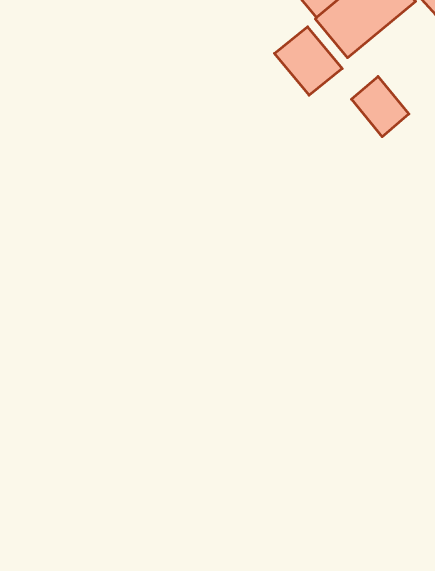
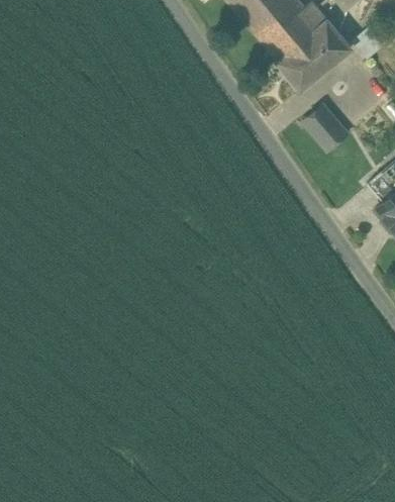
building: [274,27,342,95] -> none

